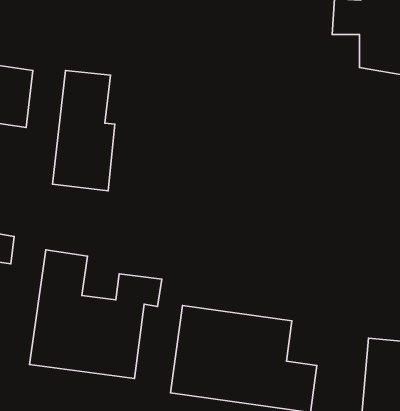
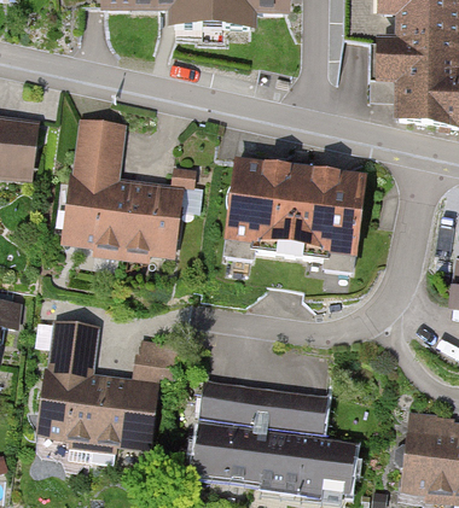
building: none -> [225,158,365,258]
building: none -> [123,164,185,257]

